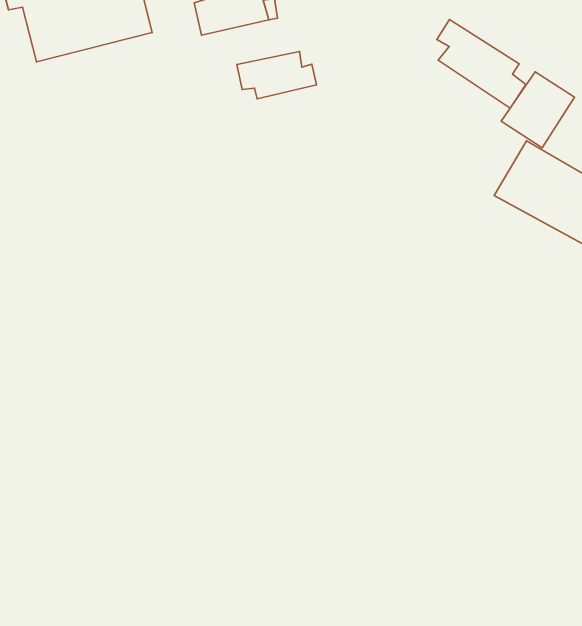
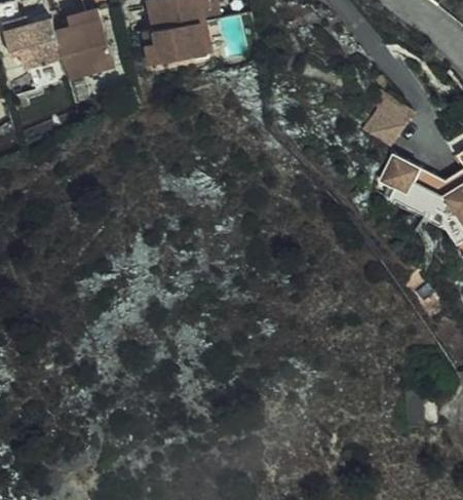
building: [437,20,526,108] -> none
building: [237,51,317,99] -> none

